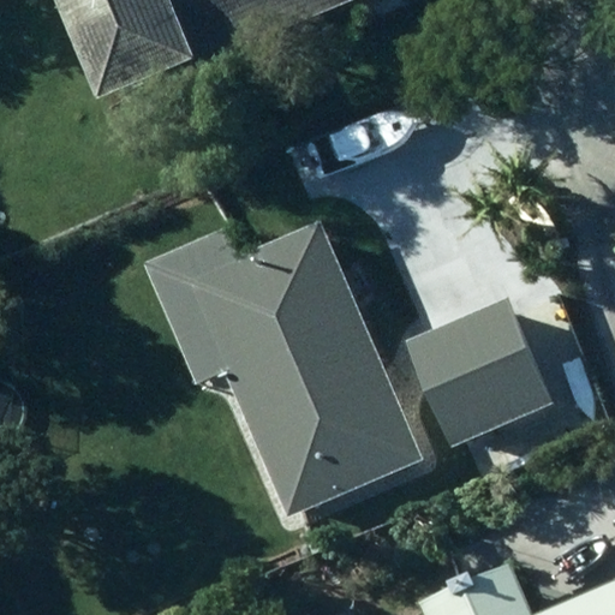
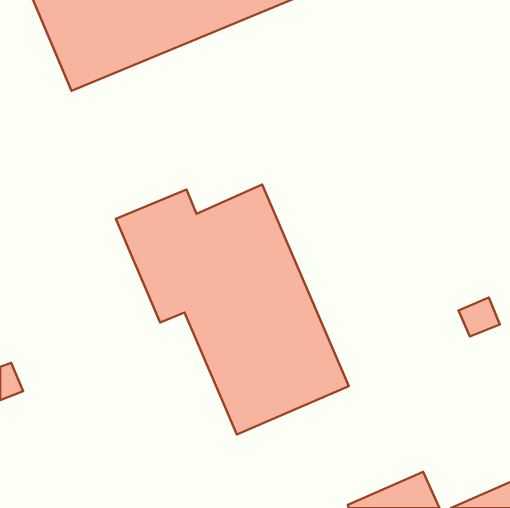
building: [407,298,553,447] -> none

